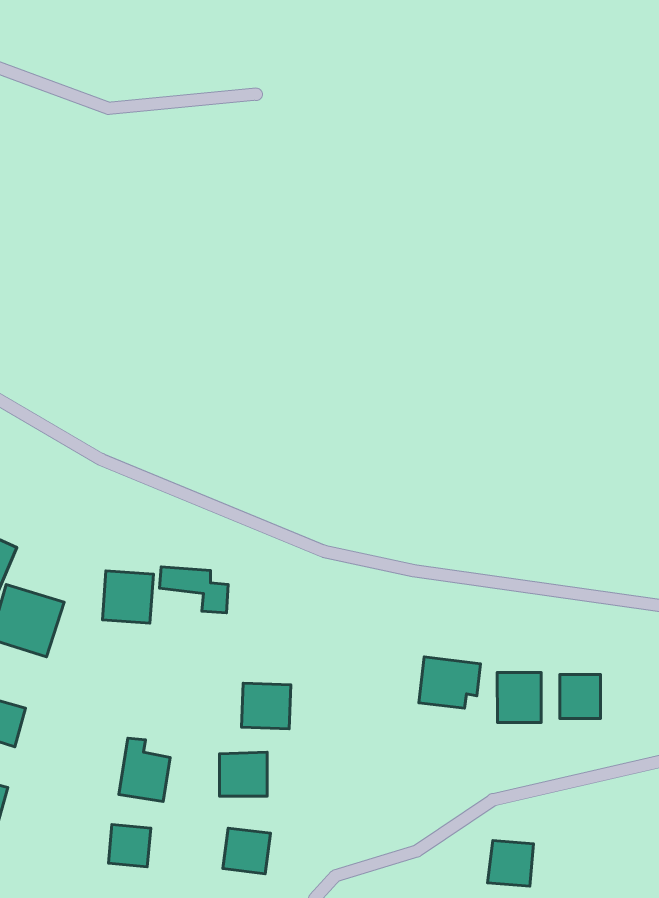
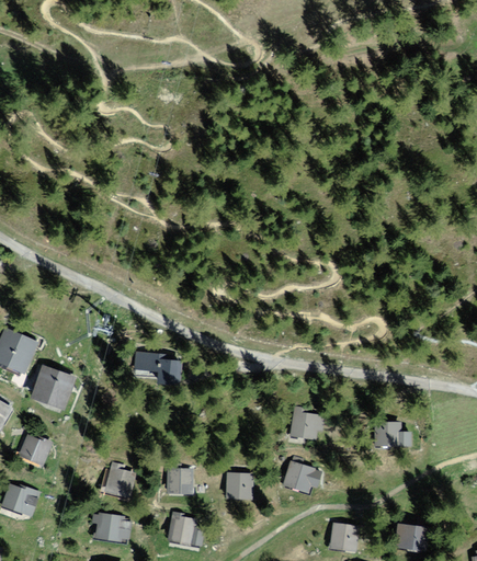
building: [102,571,153,623] -> none
building: [497,673,541,723] -> none
building: [242,683,291,729] -> [224,473,254,502]
building: none -> [282,461,316,492]
building: none -> [399,523,433,551]

